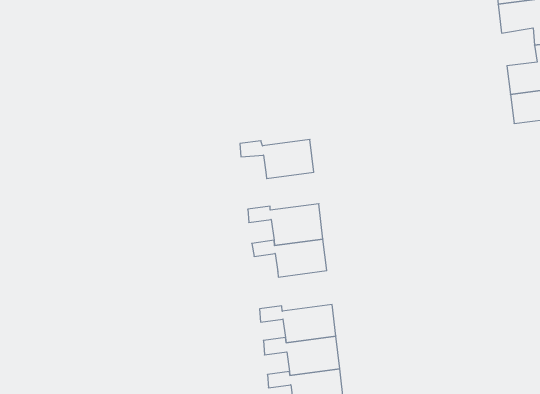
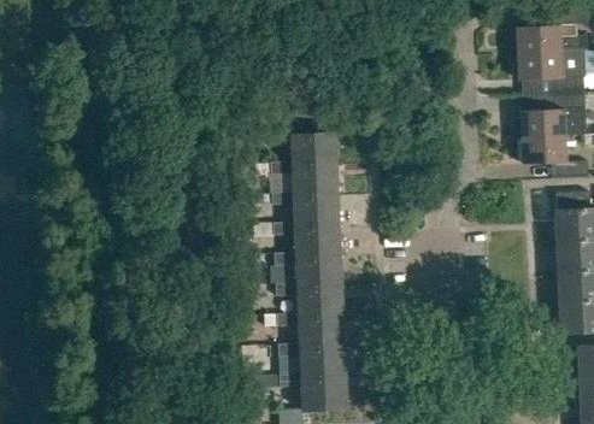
building: none -> [270,131,336,166]
building: none -> [274,193,340,225]
building: none -> [277,282,345,318]

